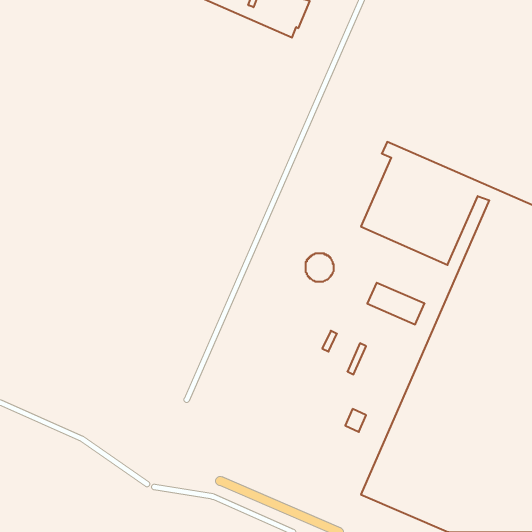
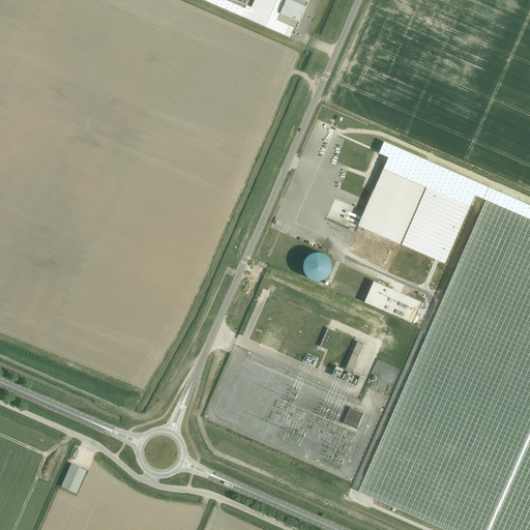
building: none -> [62,463,88,493]

